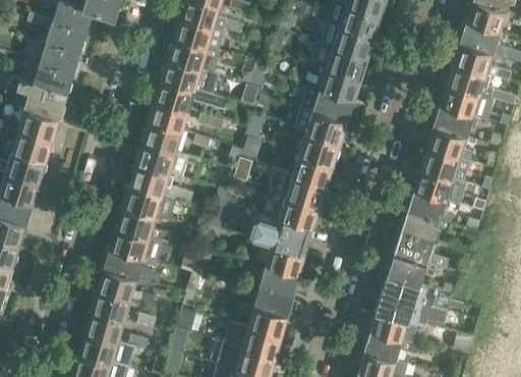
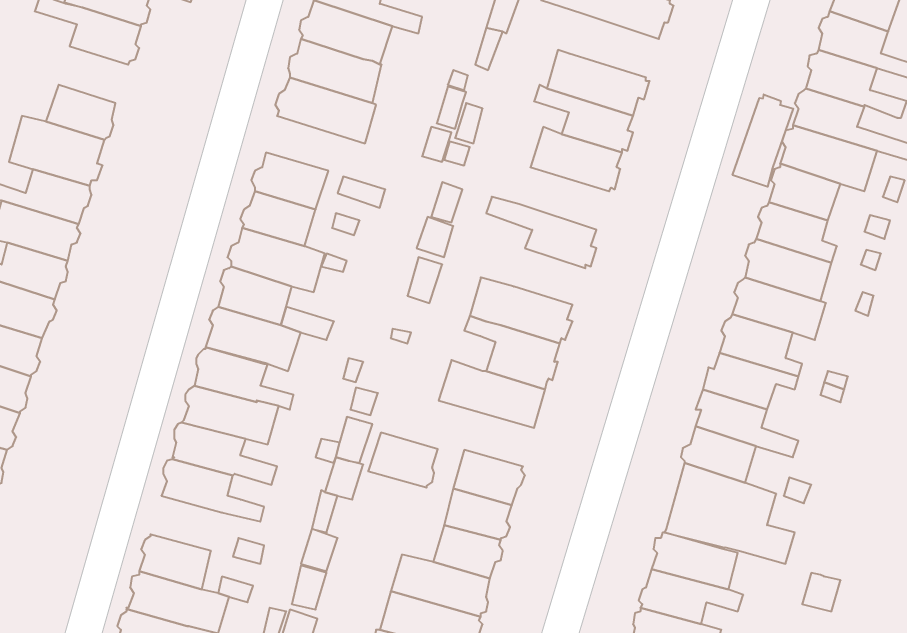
building: [325,21,377,57] -> none
building: [34,38,80,71] -> none
building: none -> [733,94,793,187]
building: [156,78,226,109] -> none
building: [297,107,347,142] -> none
building: [294,152,334,183] -> none
building: [267,243,305,273] -> [368,433,438,488]
building: [93,289,132,320] -> none

